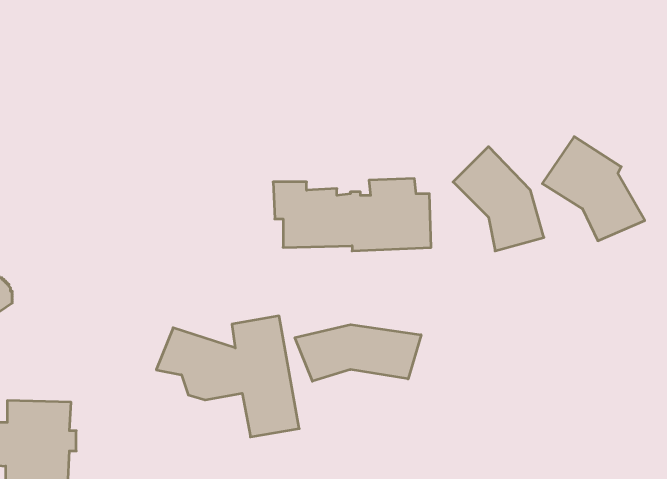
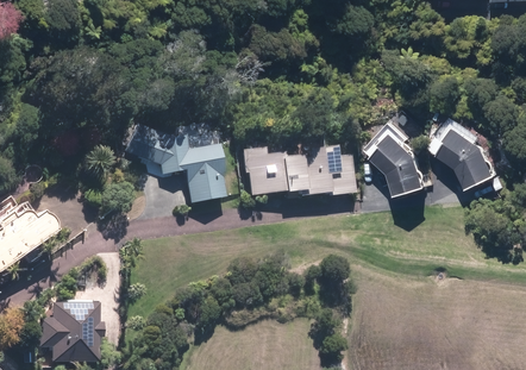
building: [156,316,299,437] -> [124,117,225,202]
building: [295,325,421,381] -> none

